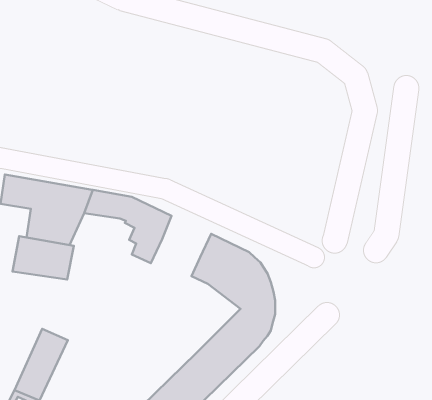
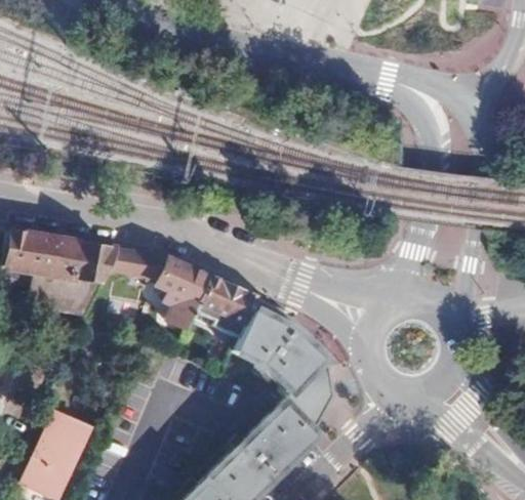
building: none -> [199,281,257,330]
building: [13,236,74,280] -> none

